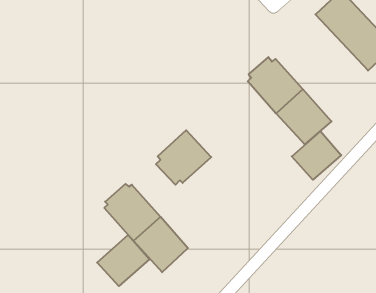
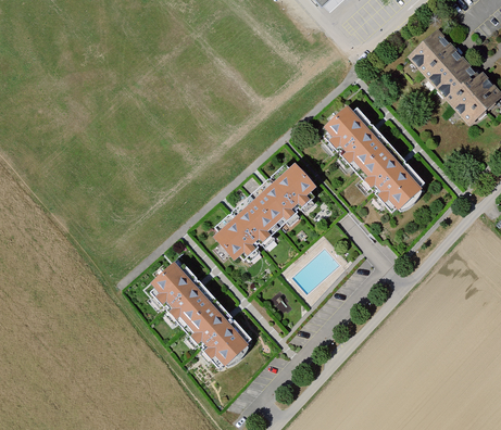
building: none -> [250,165,317,230]
building: [292,131,341,180] -> none
building: [97,235,149,286] -> none

